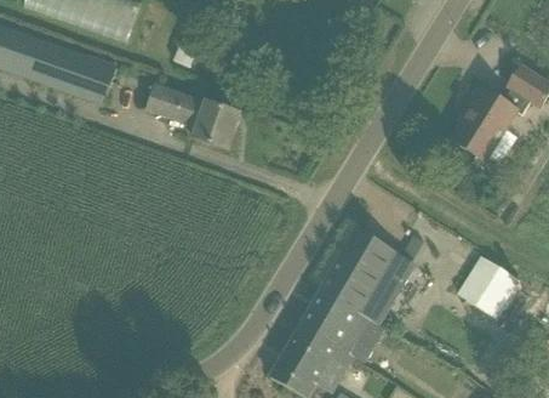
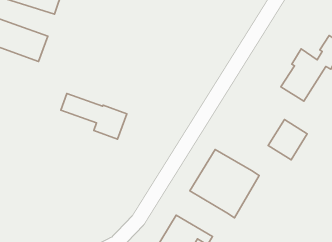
building: [147,84,241,149] -> [61,93,127,139]
building: [461,257,516,315] -> [268,119,307,160]
building: [302,289,374,354] -> none

